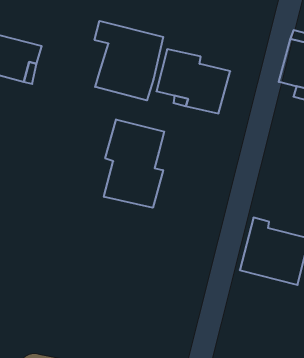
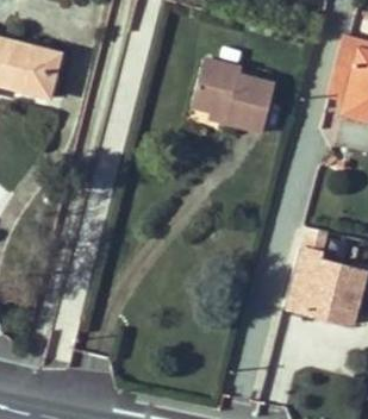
building: [95,21,163,100] -> none
building: [104,119,164,208] -> none

